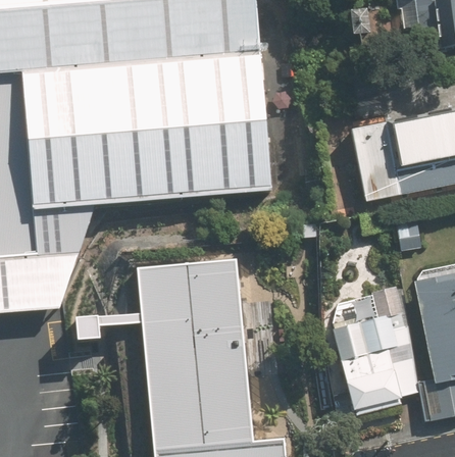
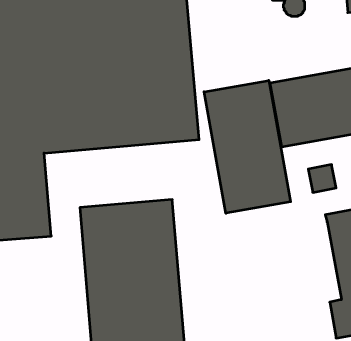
building: none -> [204,80,291,213]
building: [332,286,419,408] -> none

